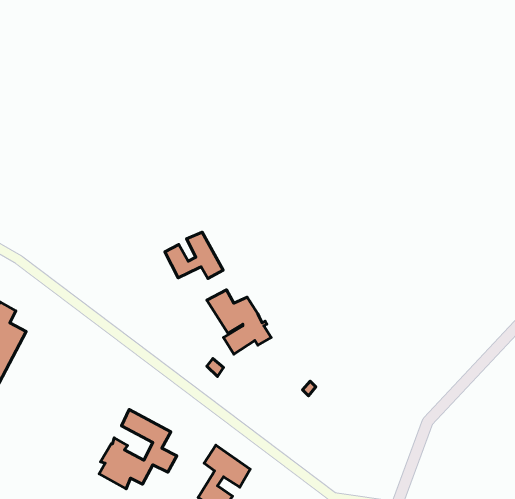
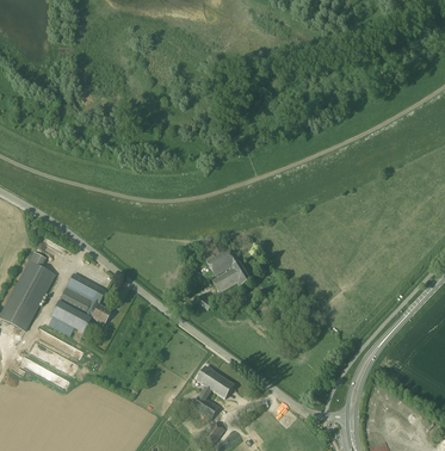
building: [165,232,223,279] -> none
building: [99,409,177,489] -> [48,274,110,338]

